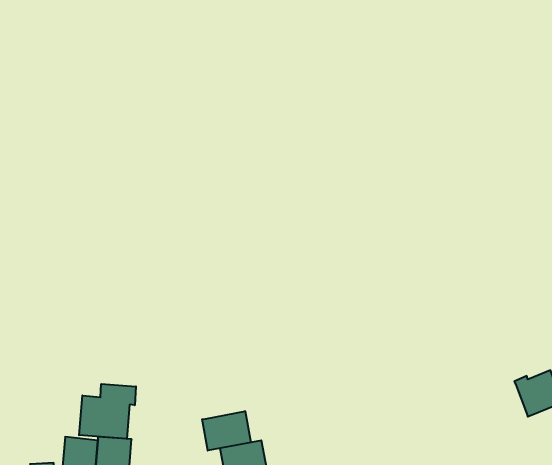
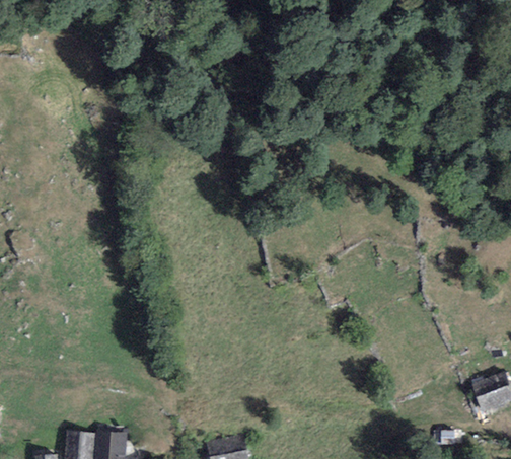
building: [79,384,136,439] -> none
building: [202,411,251,451] -> none

